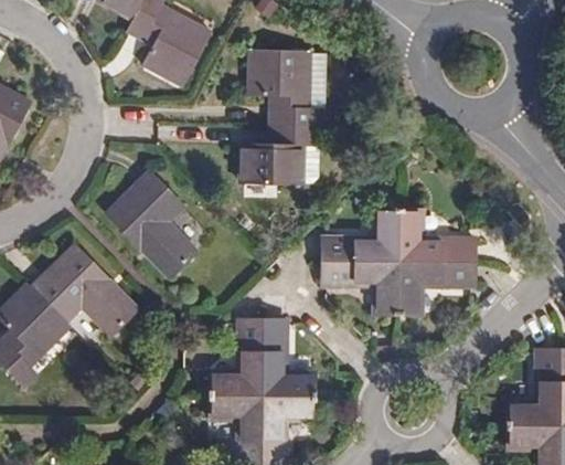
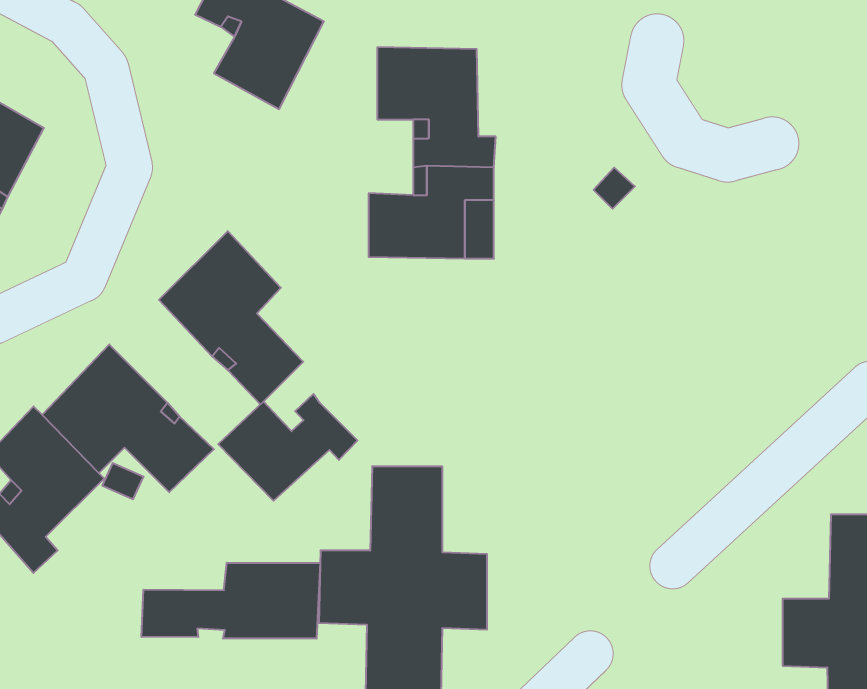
building: [322,205,478,318] -> none
building: none -> [218,394,357,501]
building: none -> [141,563,320,639]

